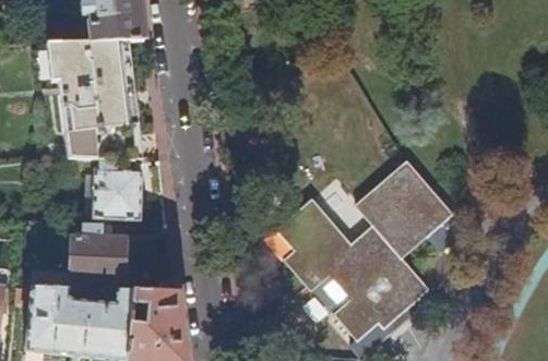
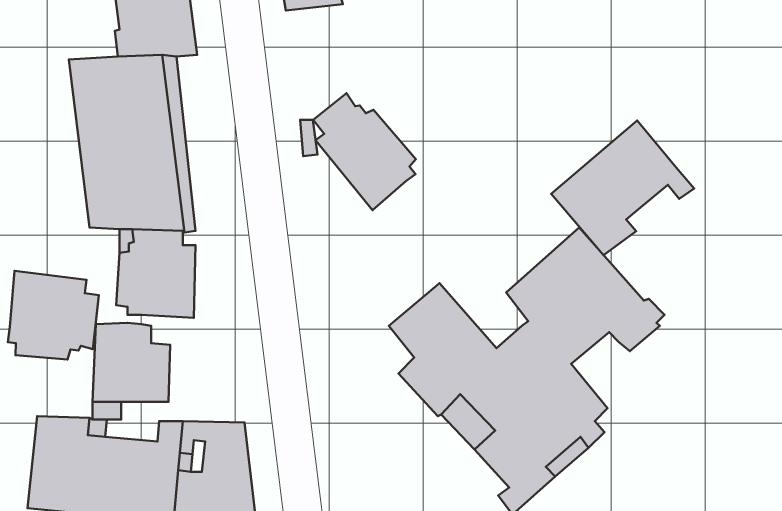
building: none -> [313,93,416,210]
building: none -> [551,121,694,255]
building: none -> [8,271,99,359]

